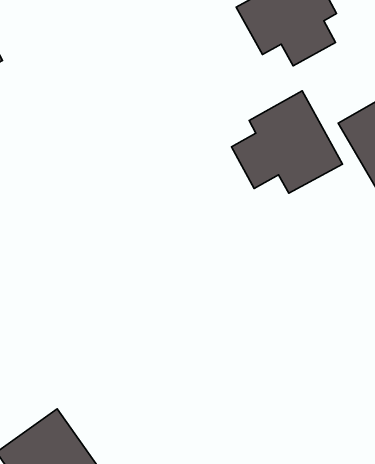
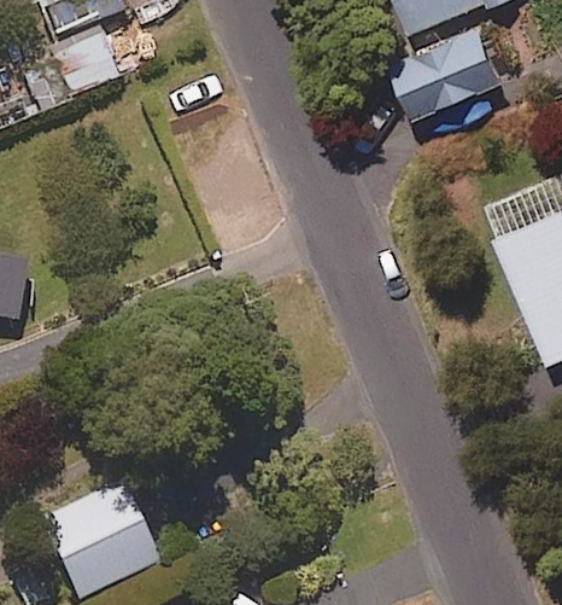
building: [232,91,342,193] -> none

